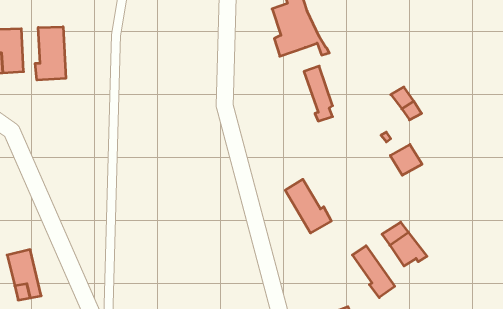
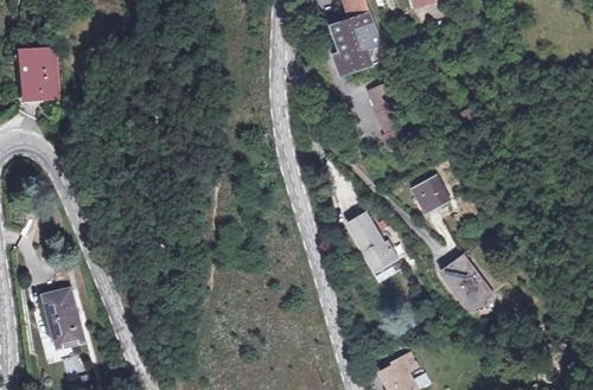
building: [35,27,66,80] -> none
building: [390,144,422,175] -> [414,177,448,210]
building: [352,246,395,298] -> none

